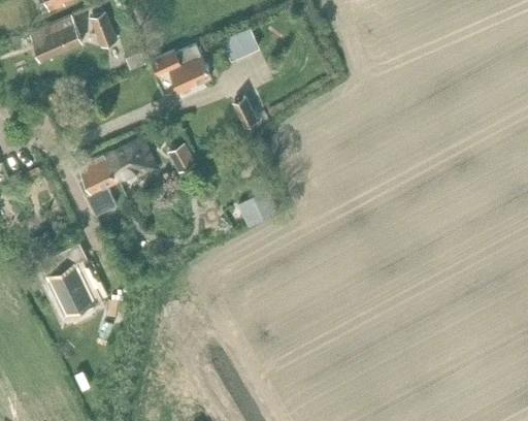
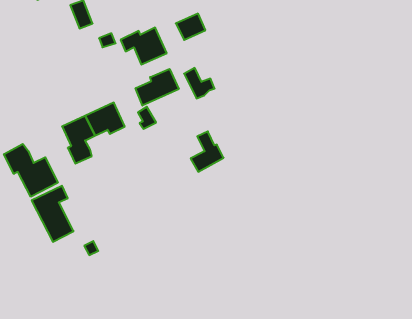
building: [29,19,81,62] -> none
building: none -> [136,69,179,106]
building: none -> [4,144,58,197]

